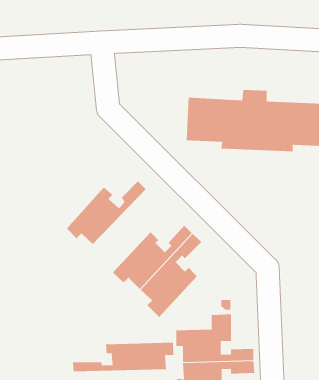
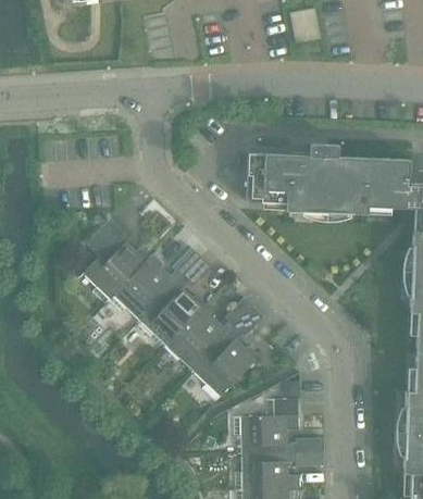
building: none -> [84,220,150,304]
building: none -> [141,257,212,351]
building: [72,342,174,372] -> none

